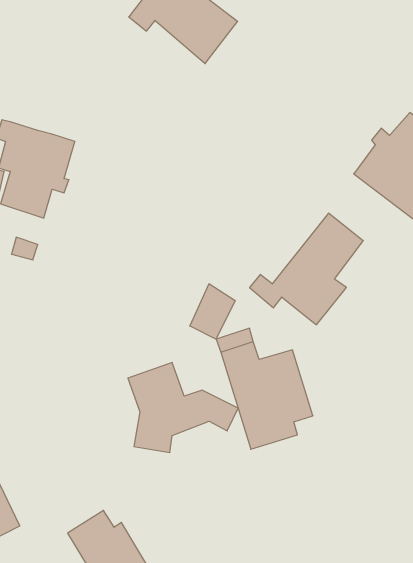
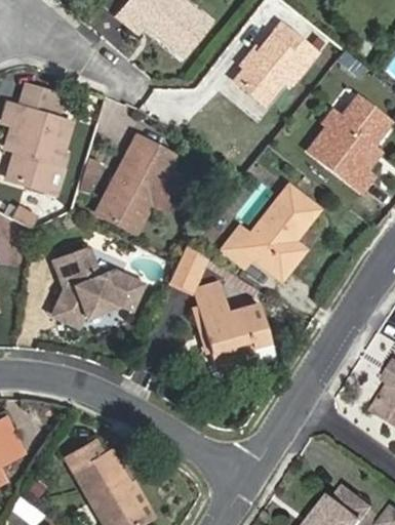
building: none -> [234,23,317,105]
building: none -> [16,81,58,117]
building: none -> [95,135,183,233]
building: [128,363,238,452] -> [51,244,146,321]

